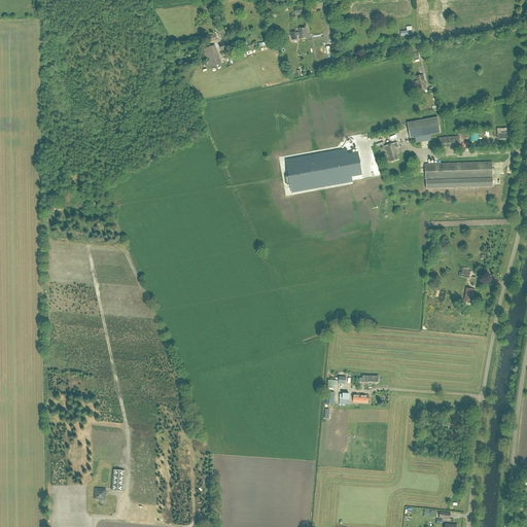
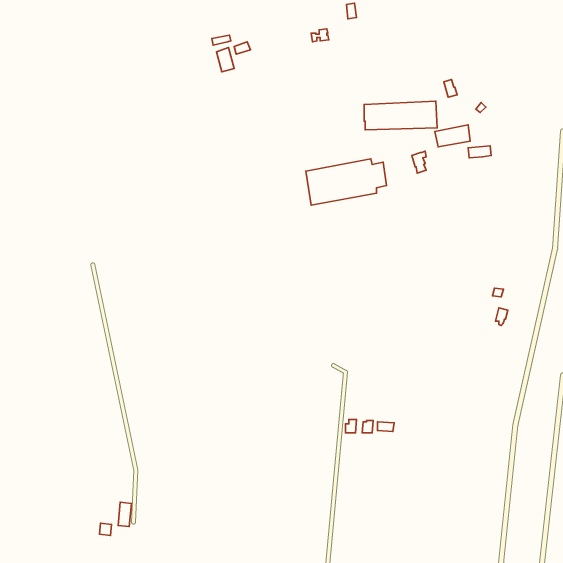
building: [424,161,492,187] -> [364,101,437,130]

